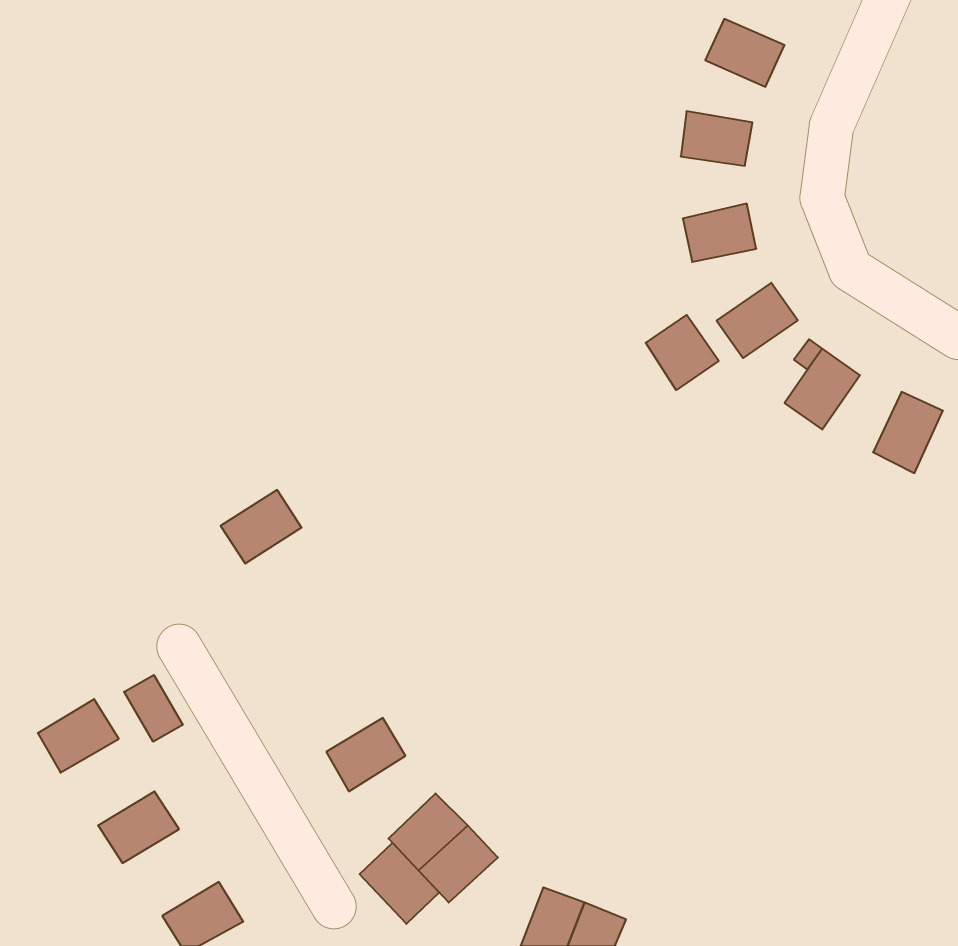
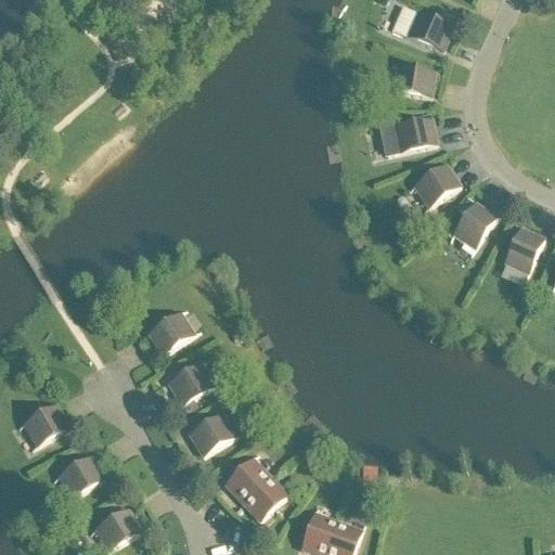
building: [646,315,719,390] -> none
building: [221,490,302,563] -> [146,311,193,353]
building: none -> [166,362,212,404]
building: [124,675,183,742] -> none
building: [360,843,439,924] -> none

